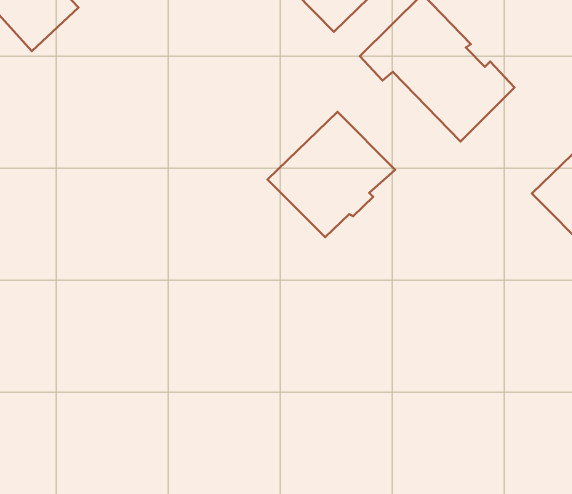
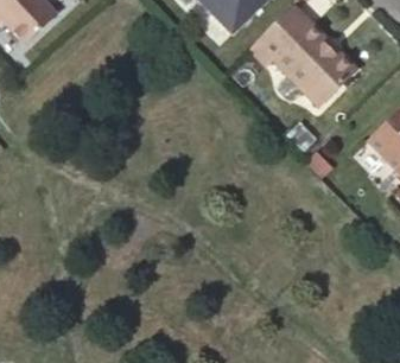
building: [267,112,395,237] -> none

